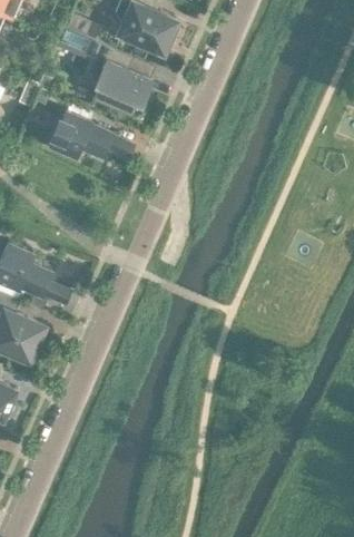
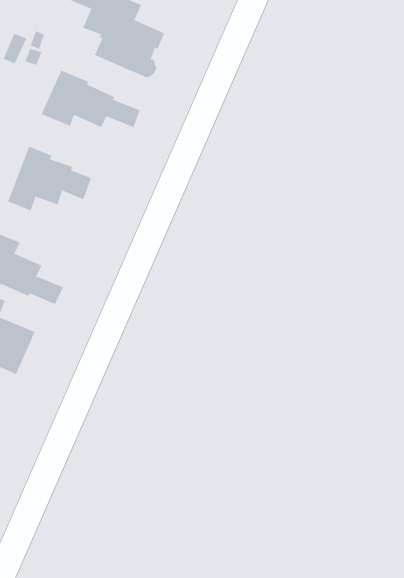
building: none -> [7,146,92,211]

